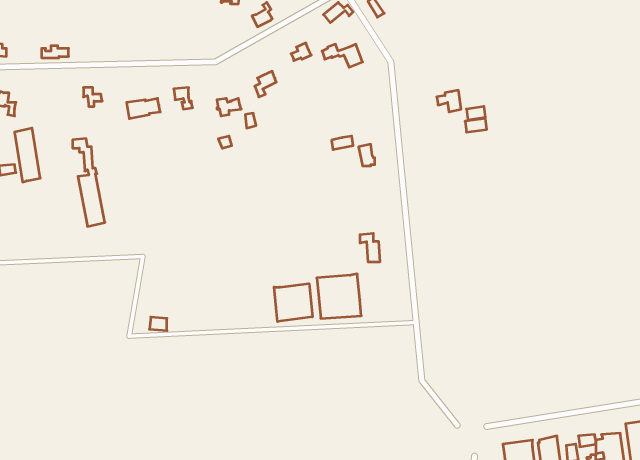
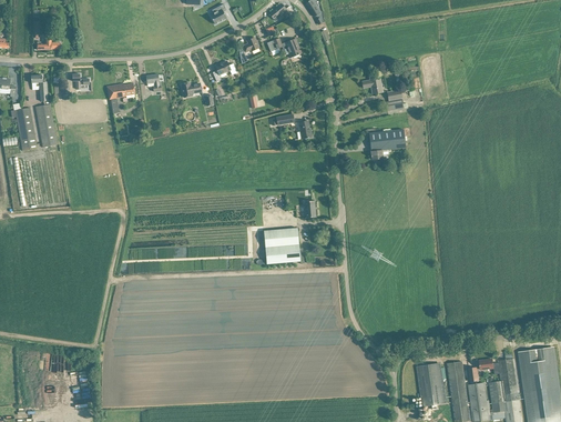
building: [73,139,105,226] -> [30,74,57,147]
building: none -> [368,129,405,164]
building: [274,284,312,322] -> none

